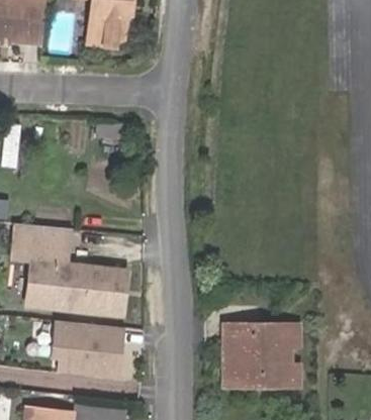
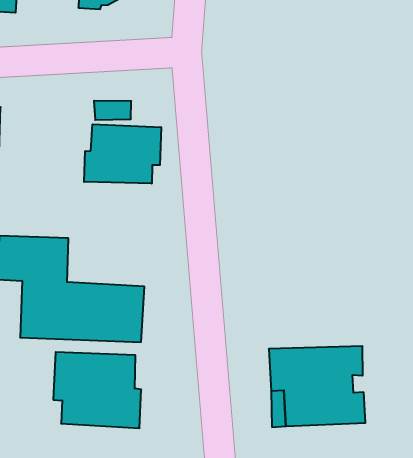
building: none -> [84,124,161,184]

